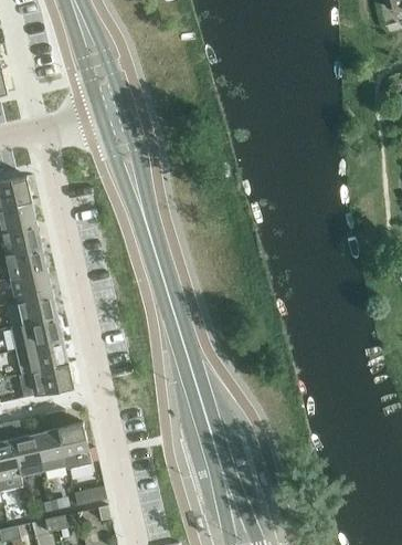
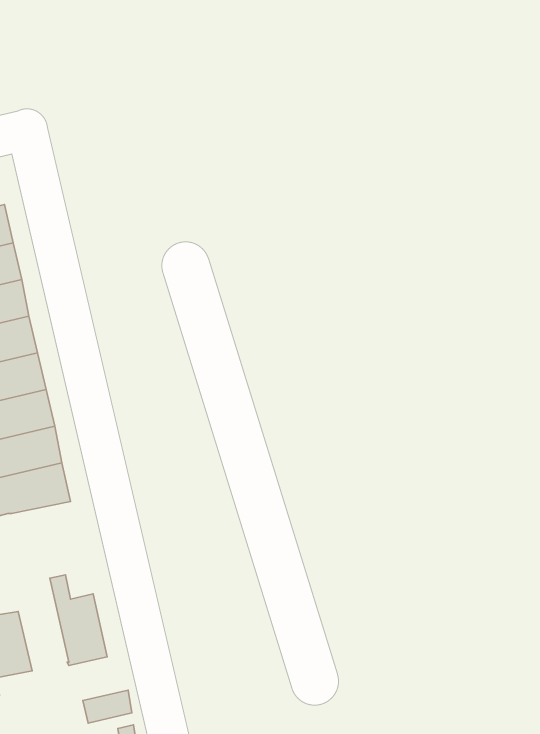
building: [29,364,74,397] -> none
building: [35,412,67,471] -> none

